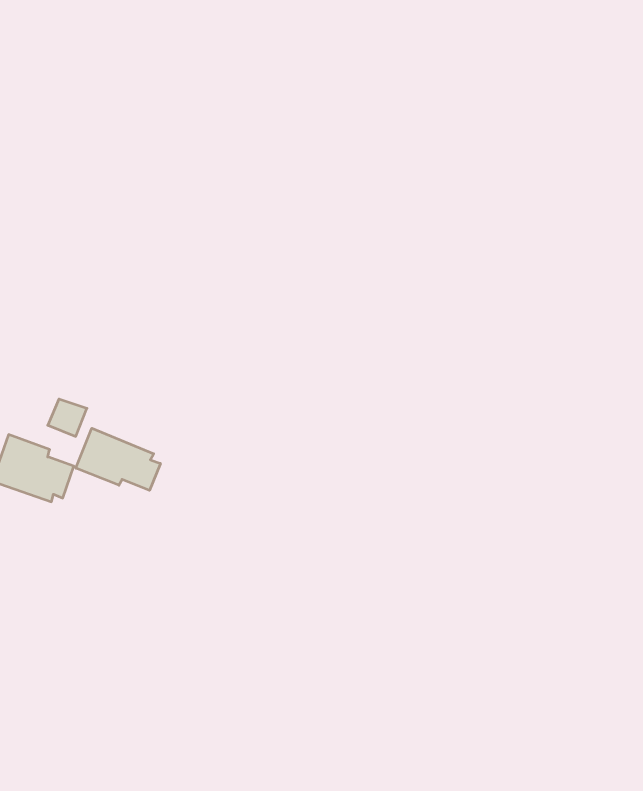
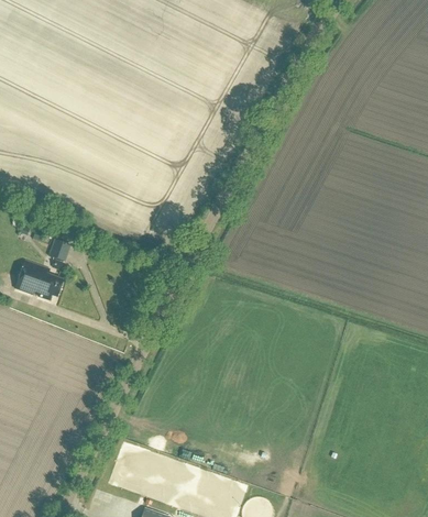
building: [76,428,160,490] -> none

